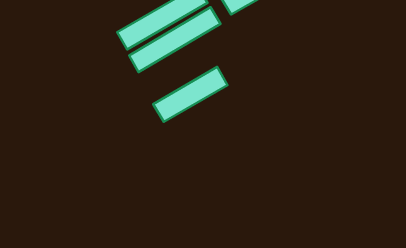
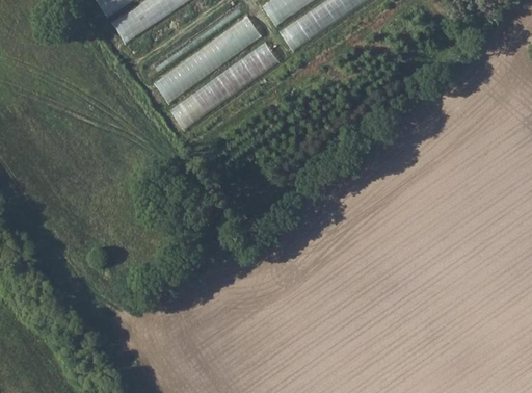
building: [153,67,228,122] -> none

